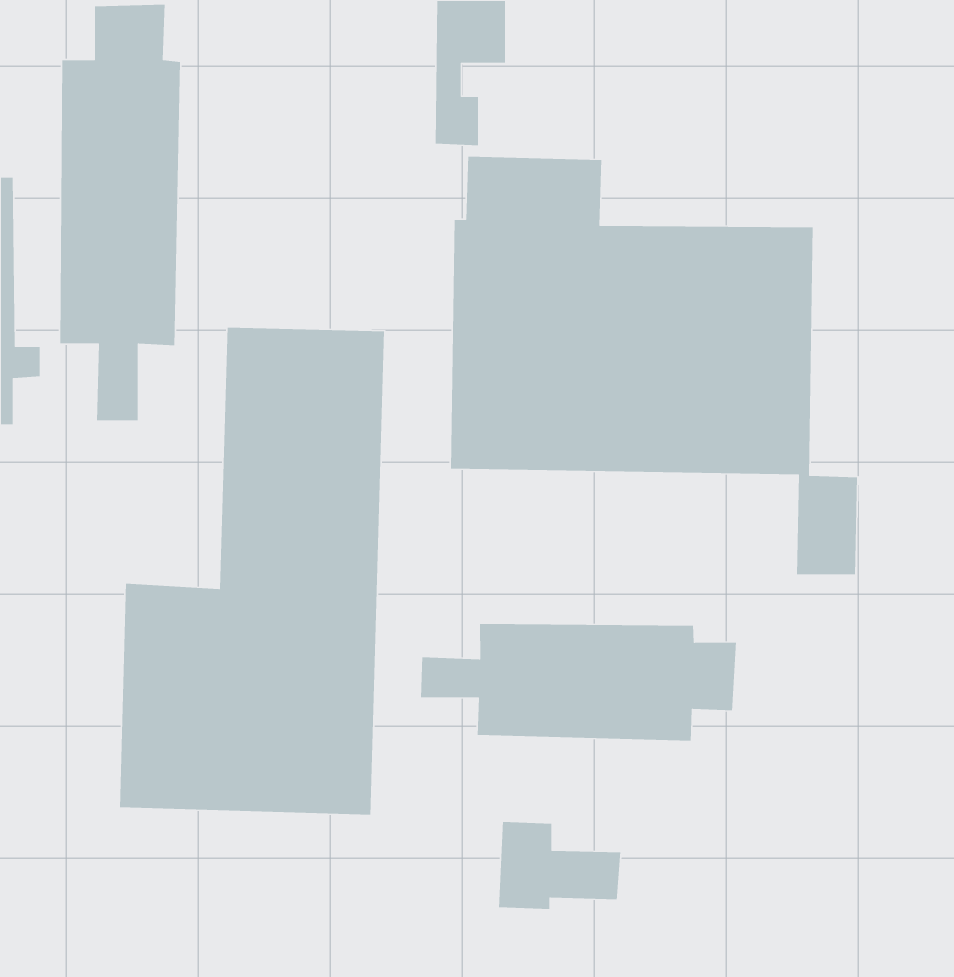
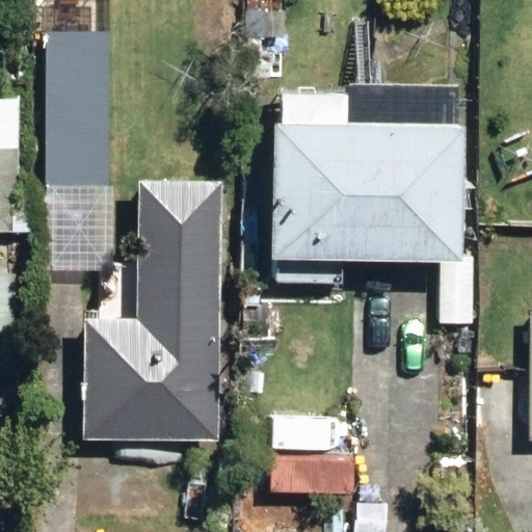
building: [420,623,737,741] -> none

